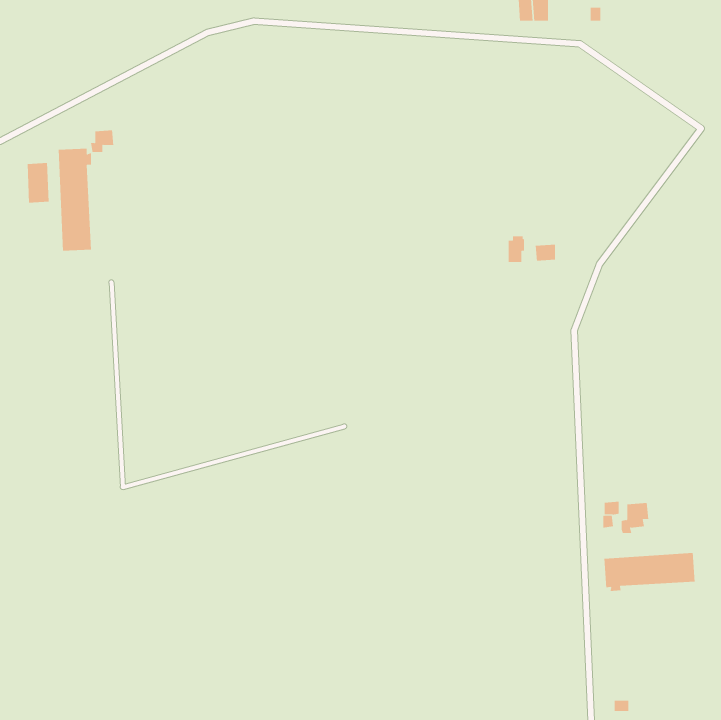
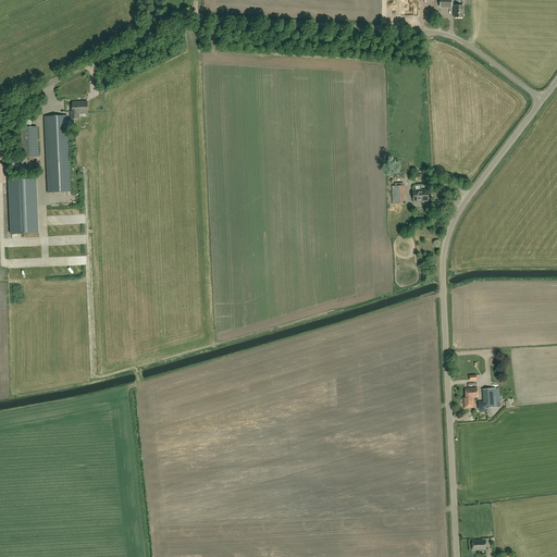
building: none -> [9,177,38,233]
building: [604,552,695,592] -> none

